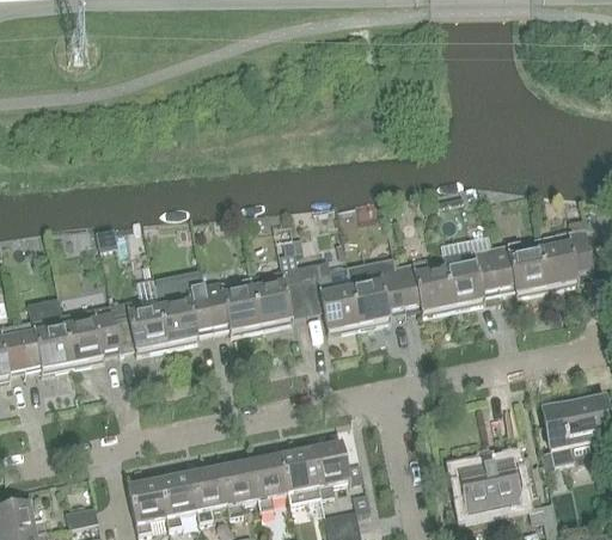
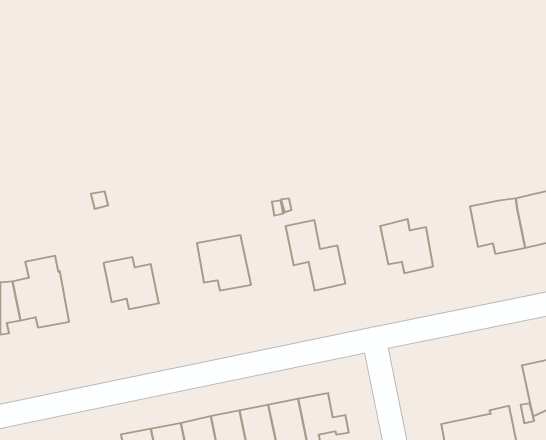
building: [442,247,496,309] -> none
building: [250,268,305,329] -> none
building: [350,268,403,327] -> none
building: [153,270,212,348] -> none
building: [62,306,116,367] -> none

